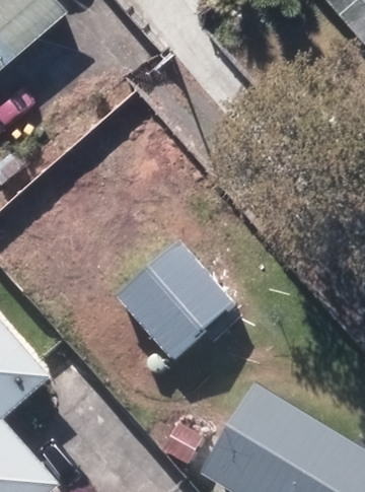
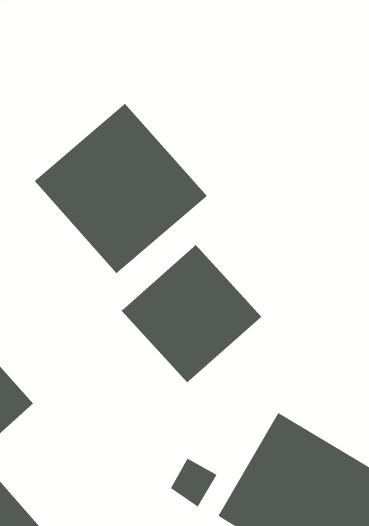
building: none -> [34,103,208,274]

